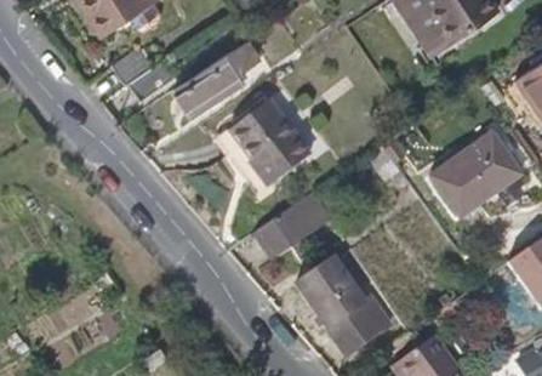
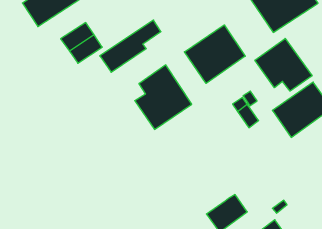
building: none -> [184,25,245,83]
building: none -> [255,38,312,91]
building: [258,201,323,258] -> none
building: [297,258,365,329] -> none

